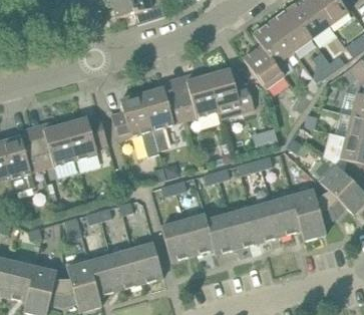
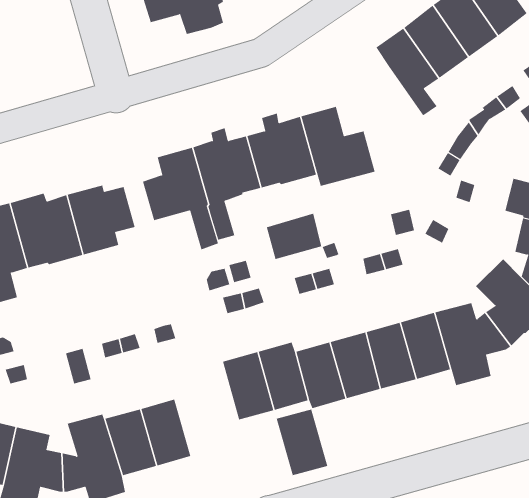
building: [243,45,284,89] -> none
building: none -> [266,213,322,260]
building: [131,243,163,284] -> [276,409,328,476]

